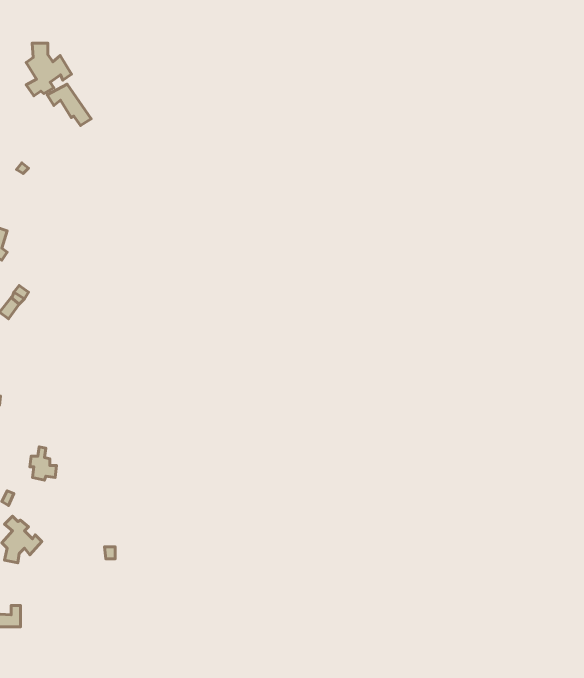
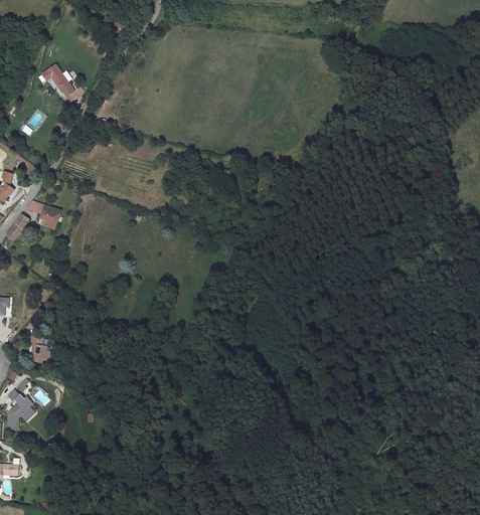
building: [26,43,72,96] -> none
building: none -> [25,201,60,229]

